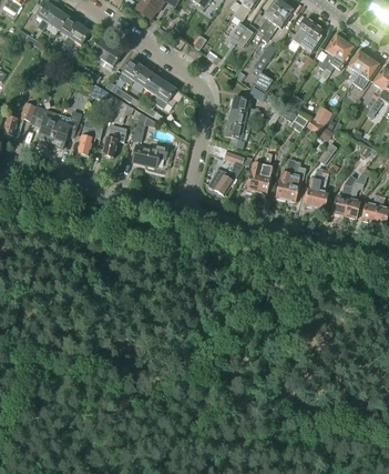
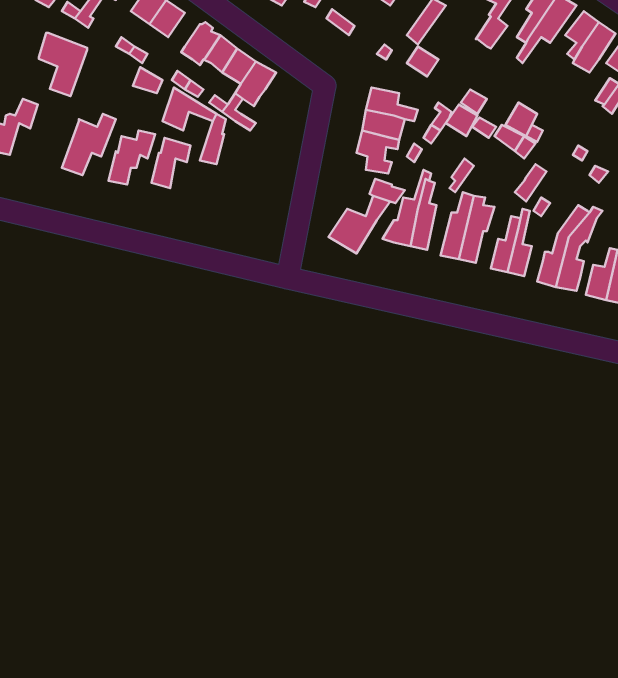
building: [30,107,59,144] -> [39,33,87,96]
building: [132,144,168,167] -> none

